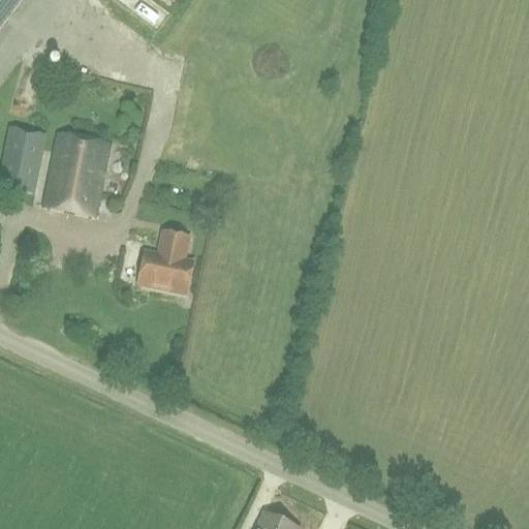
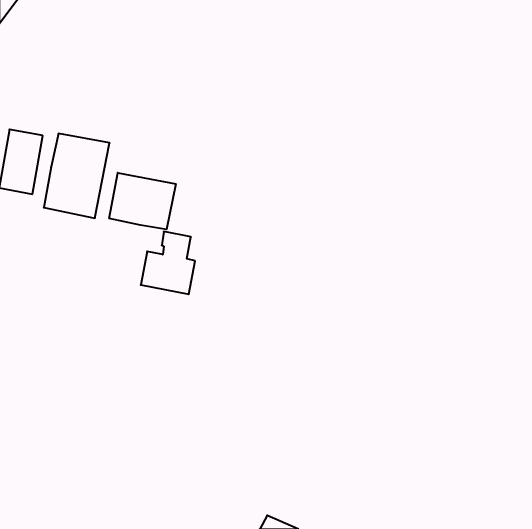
building: none -> [109,173,176,229]

